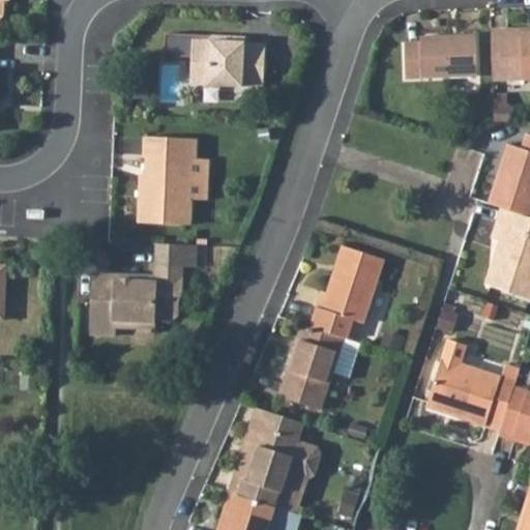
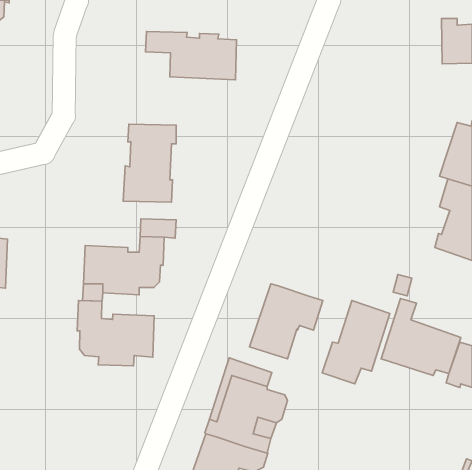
building: [405,31,478,75] -> none
building: [310,242,385,335] -> [322,301,390,384]
building: none -> [77,300,154,366]

